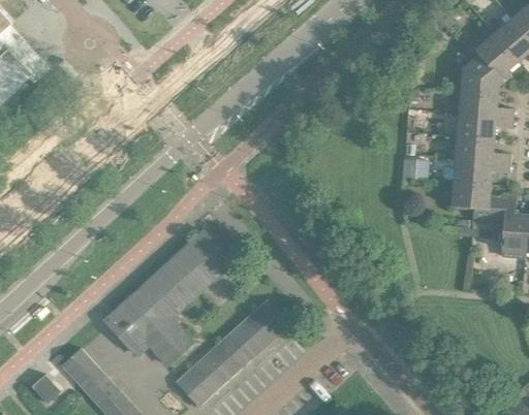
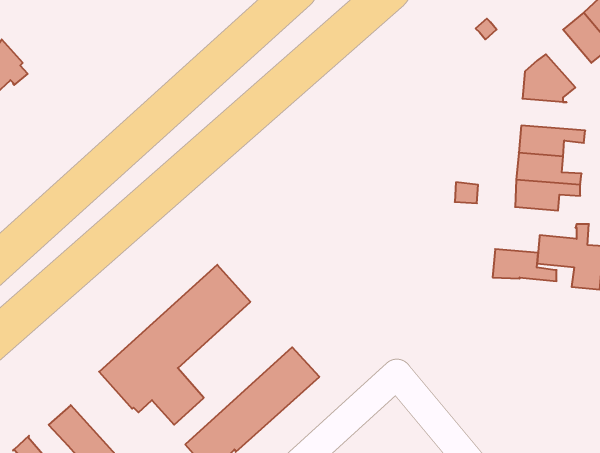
building: [463,34,517,83] -> none
building: [458,92,512,119] -> none
building: [450,183,504,210] -> [493,249,557,281]

